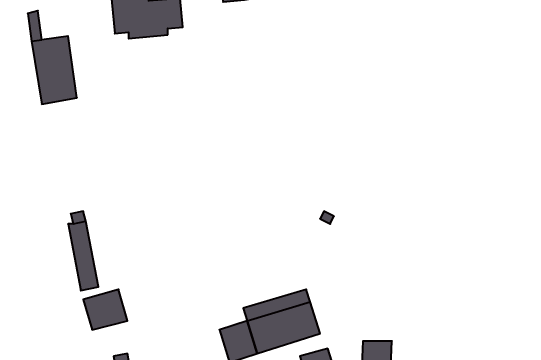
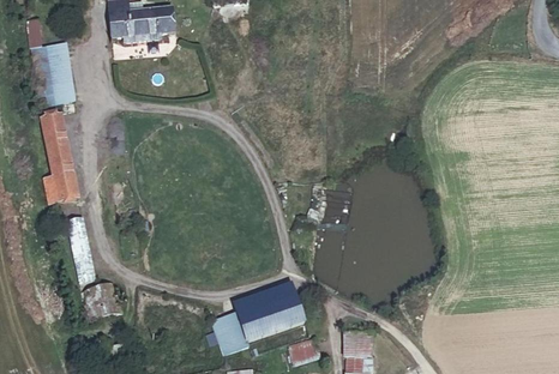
building: none -> [40,113,78,203]

